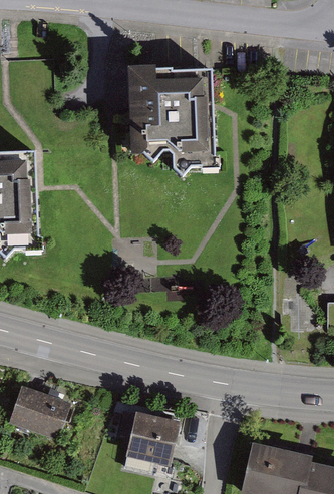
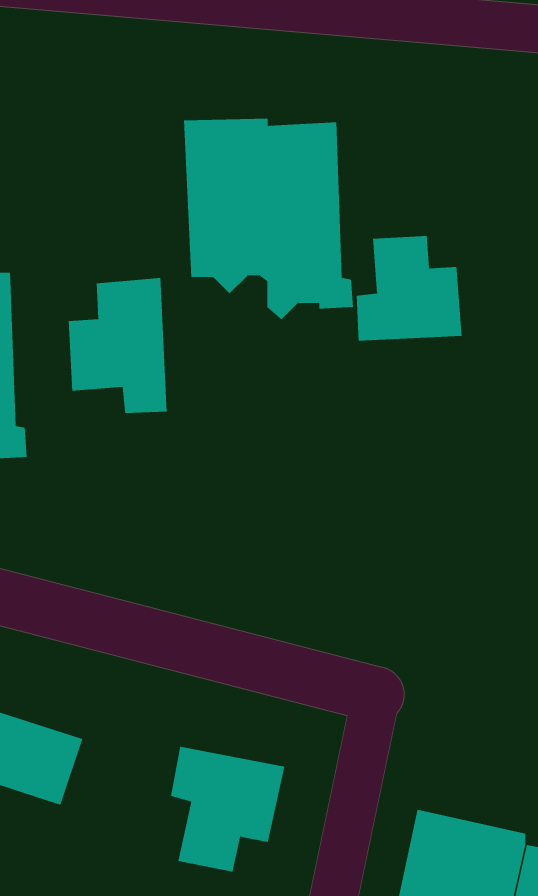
building: none -> [356,235,462,341]
building: none -> [68,277,167,414]

